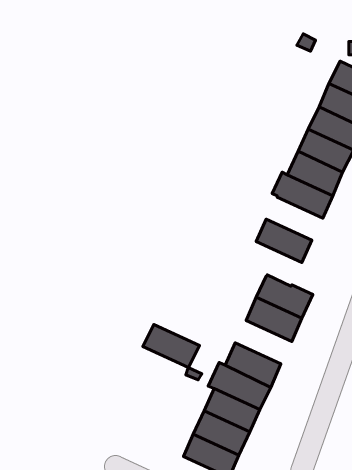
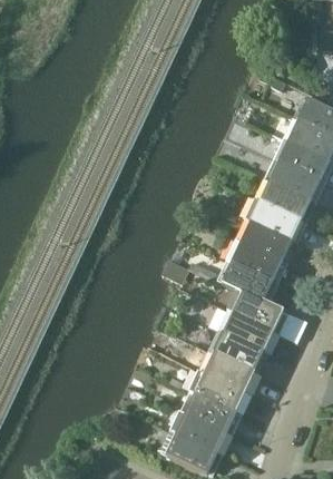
building: none -> [242,221,293,260]
building: none -> [223,261,274,301]
building: [143,324,200,368] -> [214,332,265,371]

